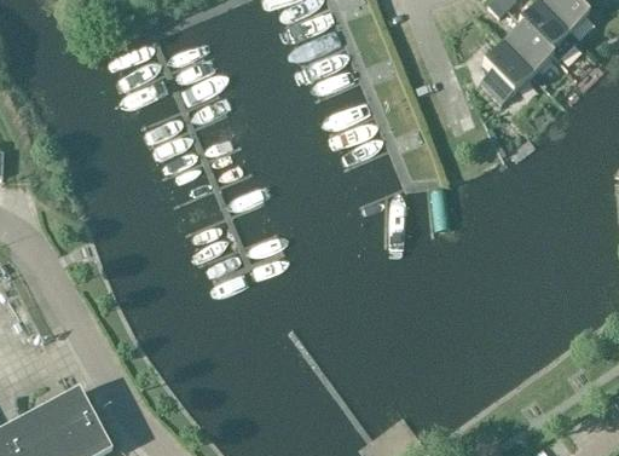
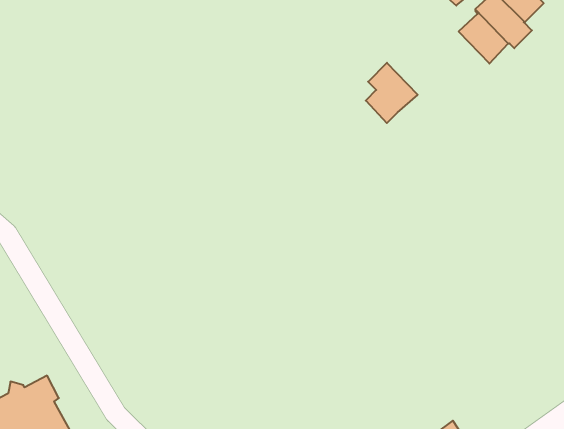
building: [479,42,532,104] -> [366,63,418,123]

